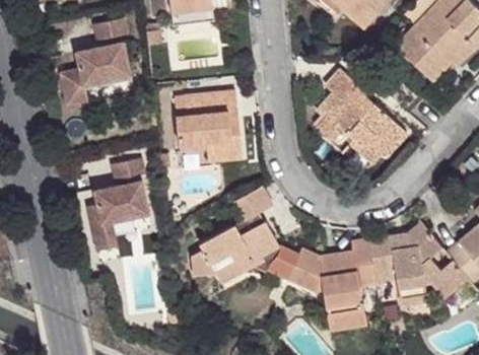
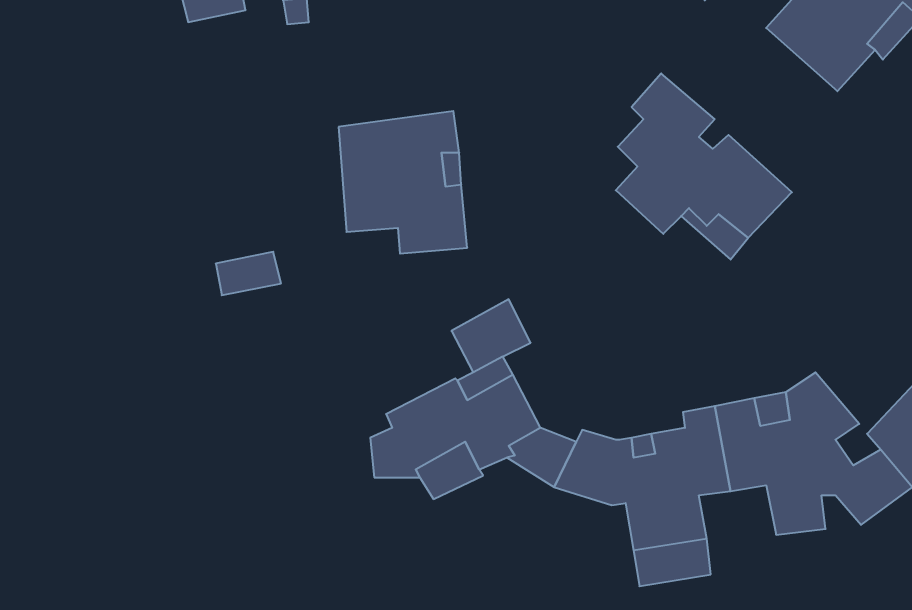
building: [61,44,131,107] -> none
building: [88,182,149,252] -> none

